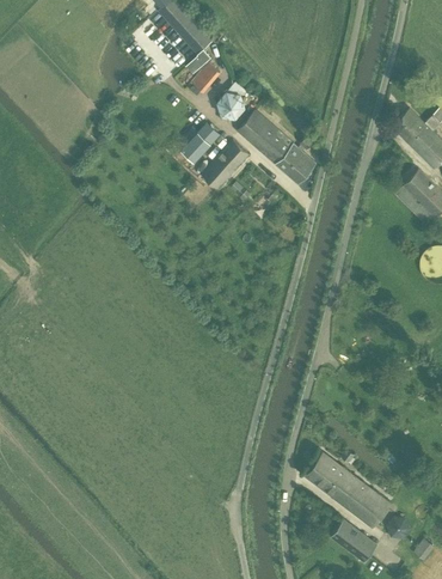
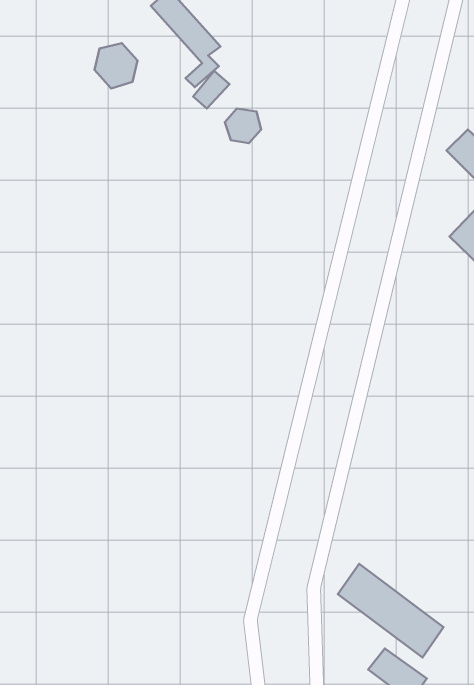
building: none -> [94,43,137,88]
building: [237,110,315,184] -> none
building: [180,123,220,163] -> none
building: [201,140,248,190] -> none

